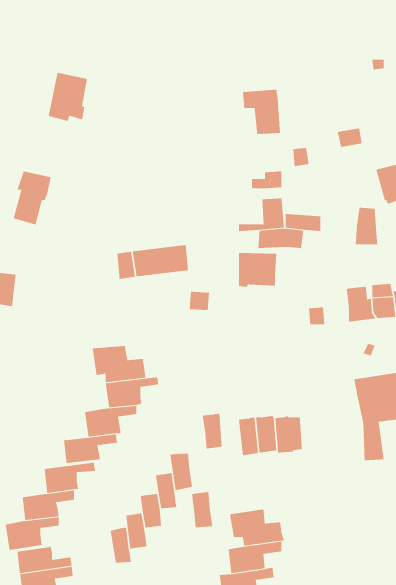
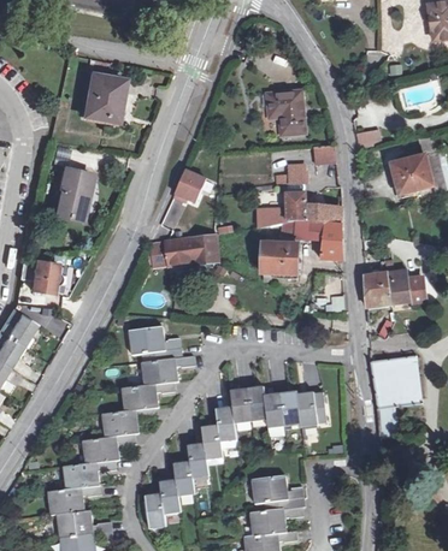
building: none -> [172,164,206,201]
building: [355,207,378,245] -> [323,220,344,255]
building: none -> [248,387,267,421]
building: [191,492,213,528] -> [217,408,237,442]

